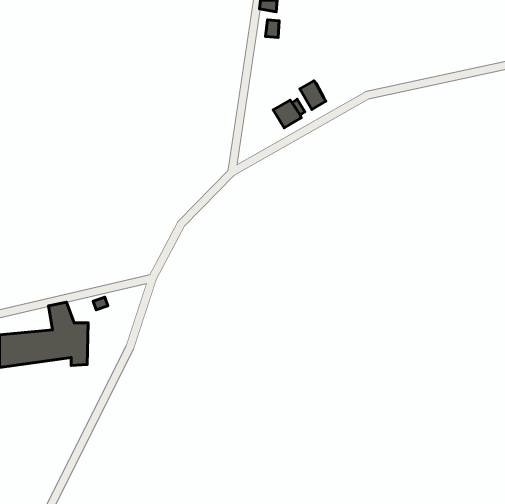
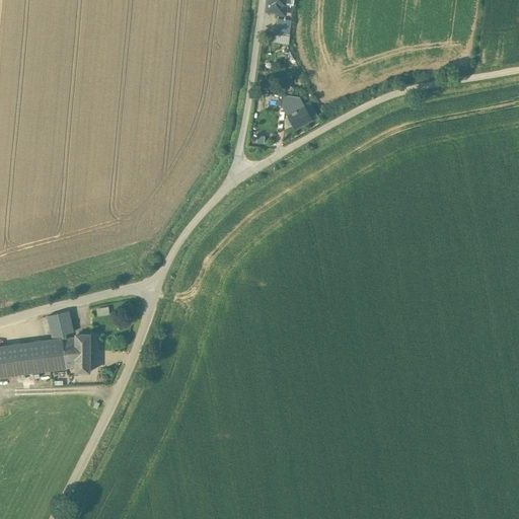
building: [300,81,326,110] -> none

